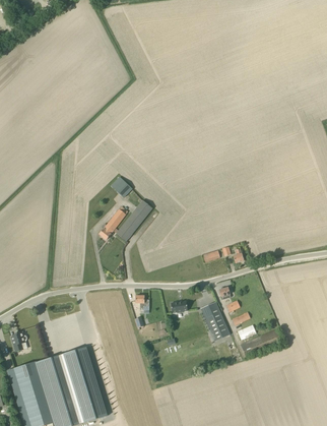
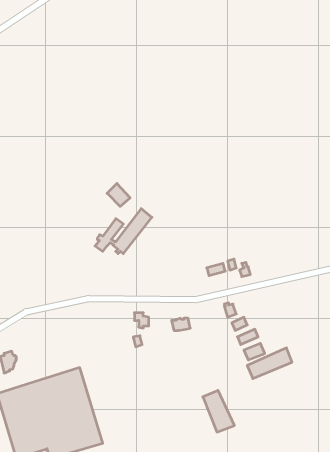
building: [201,301,231,340] -> [203,390,234,432]

